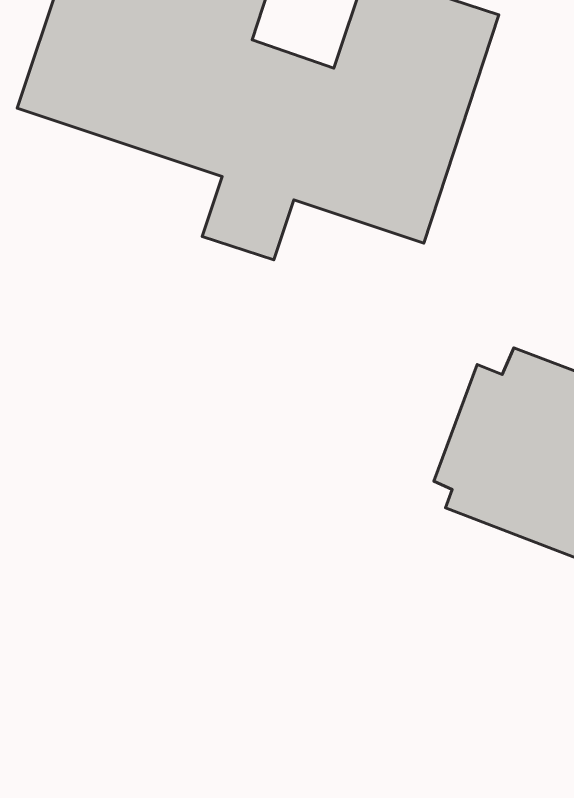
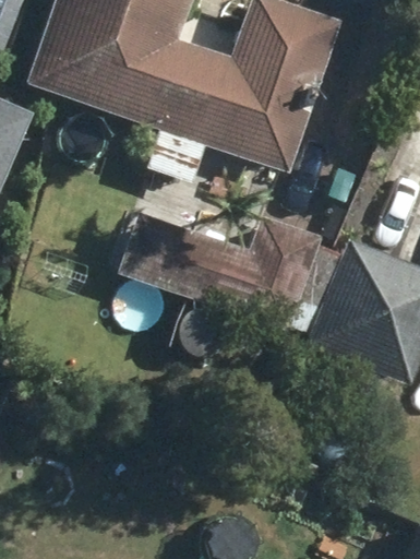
building: none -> [117,211,321,330]

